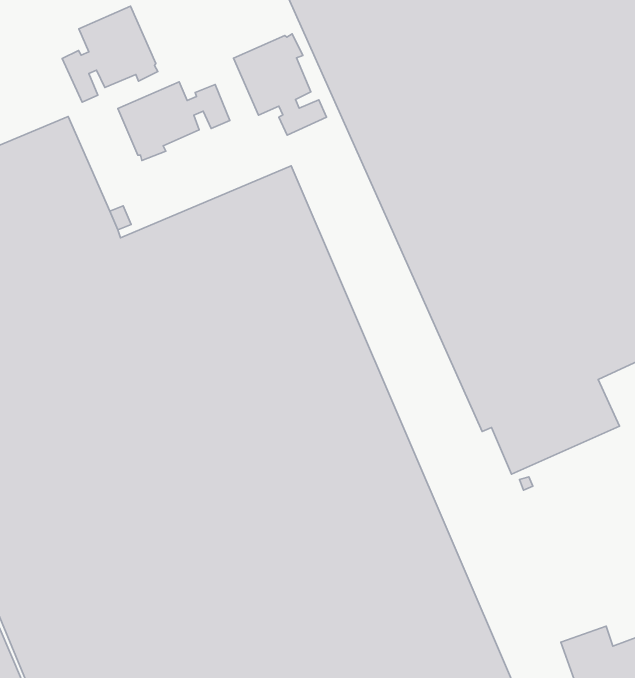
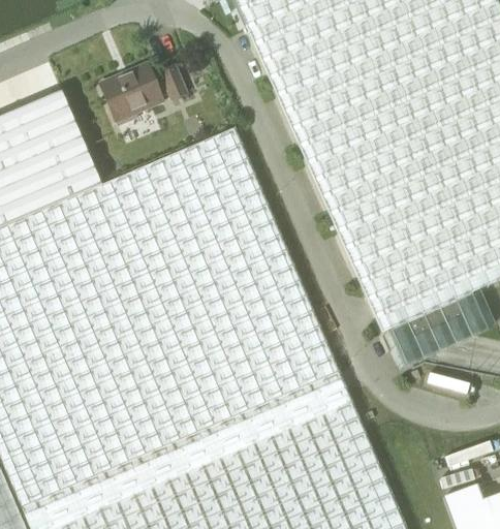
building: [62,6,158,102] -> none
building: [234,34,326,135] -> none

